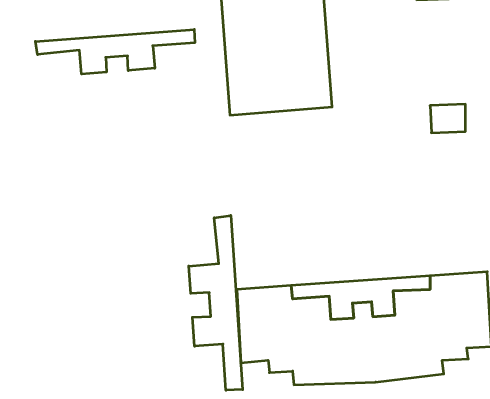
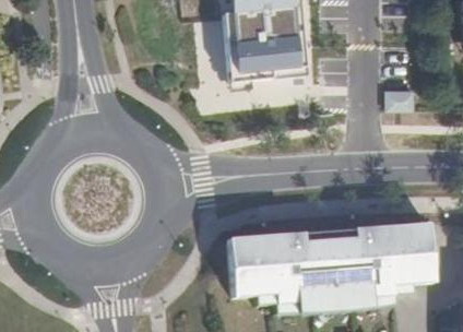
building: [35,29,195,74] -> none
building: [189,215,243,390] -> none

